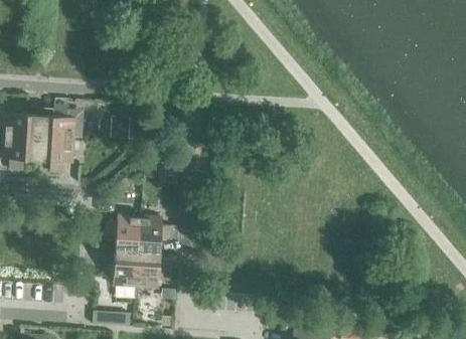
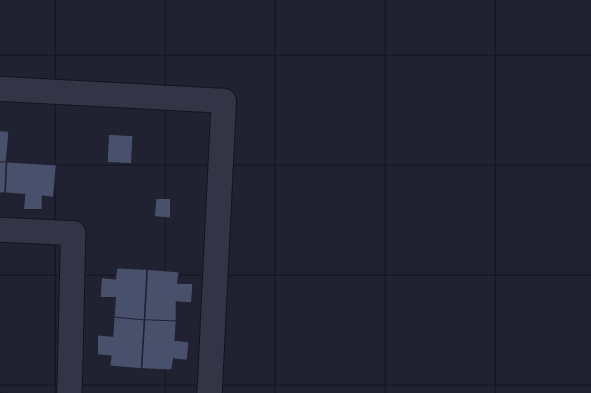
building: [39,107,76,141] -> none

